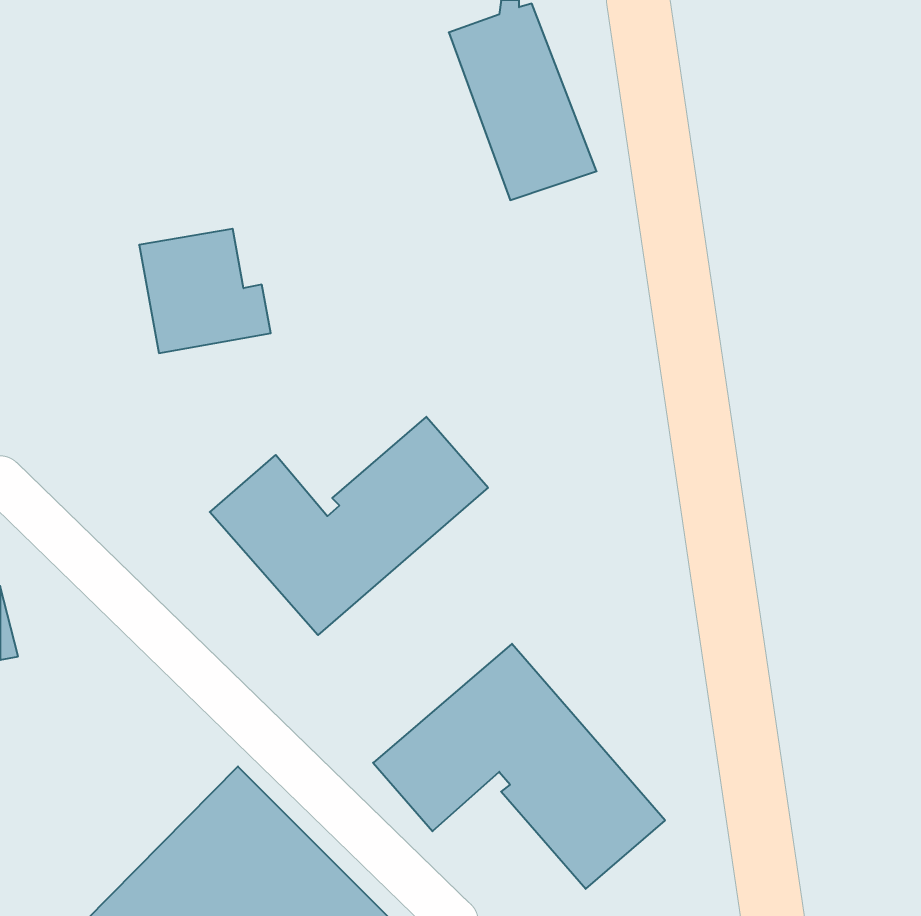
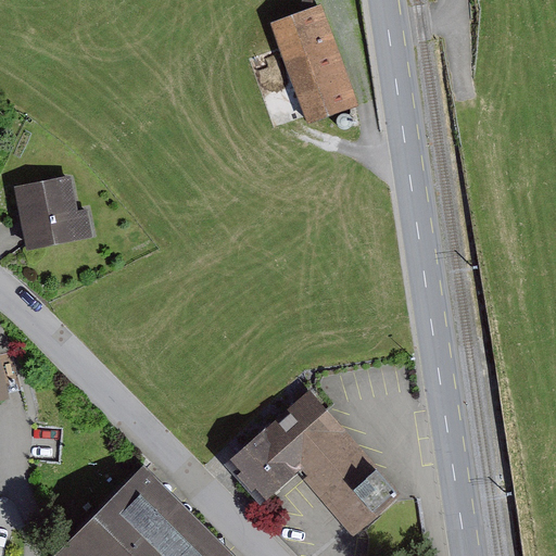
building: [139,229,271,353] -> [14,176,93,251]
building: [210,417,488,635] -> none

